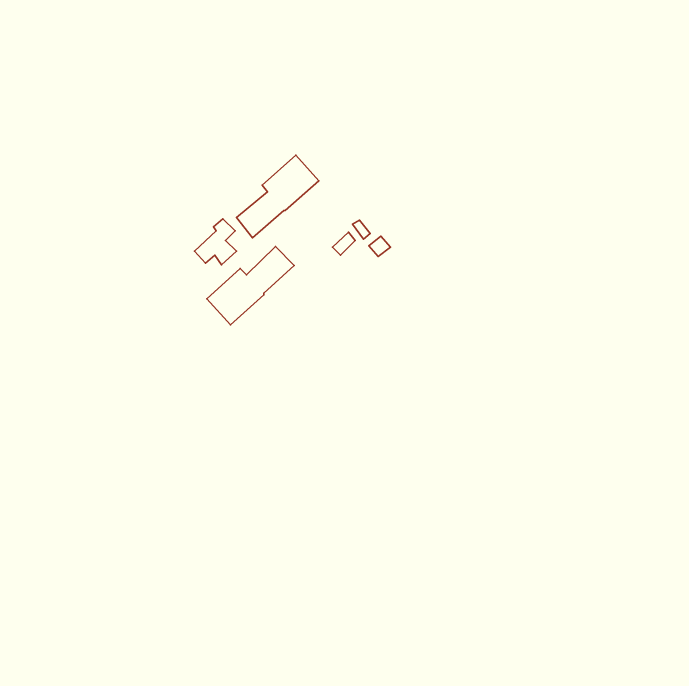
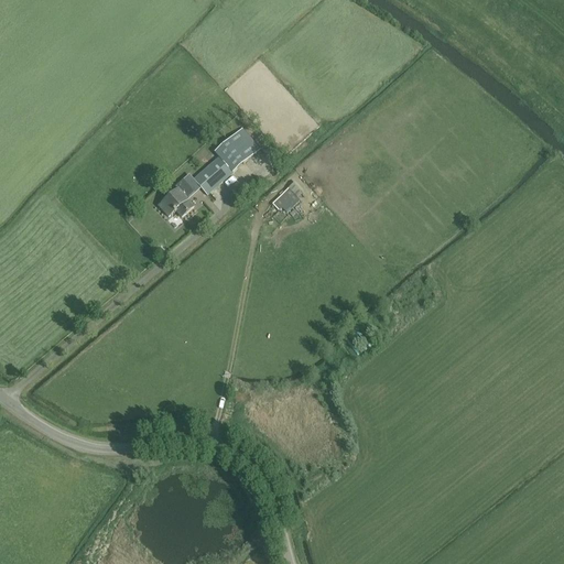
building: [207,247,294,325] -> none

